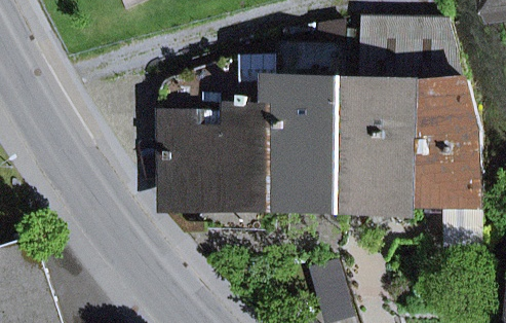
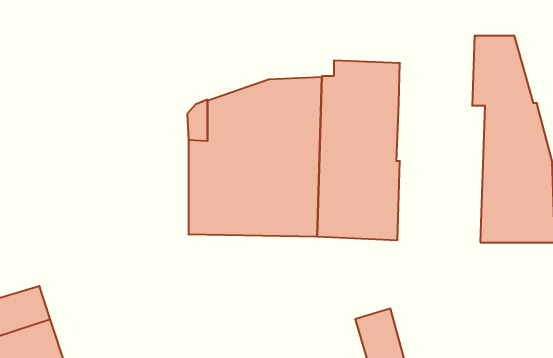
building: [346,36,423,218] -> none

